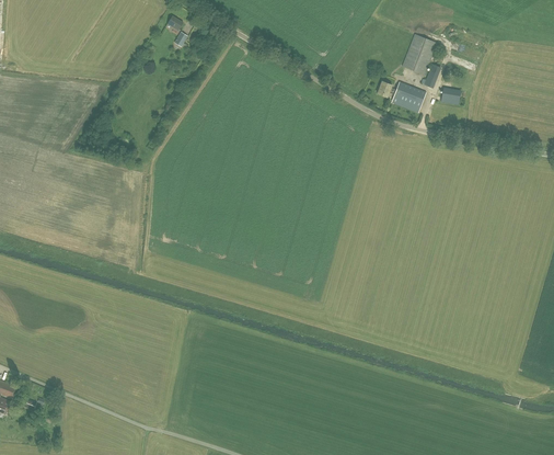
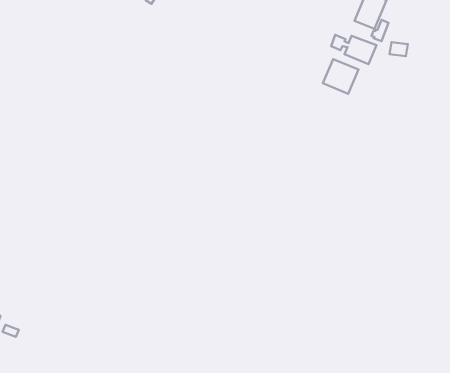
building: none -> [323,59,358,94]

